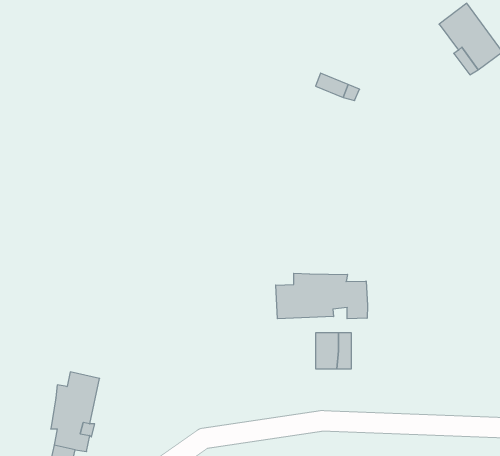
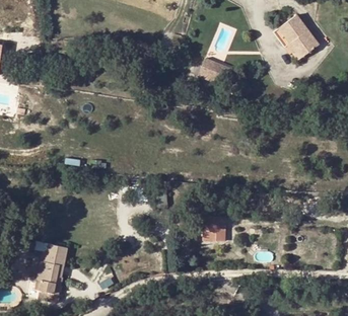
building: [276,273,368,319] -> none

